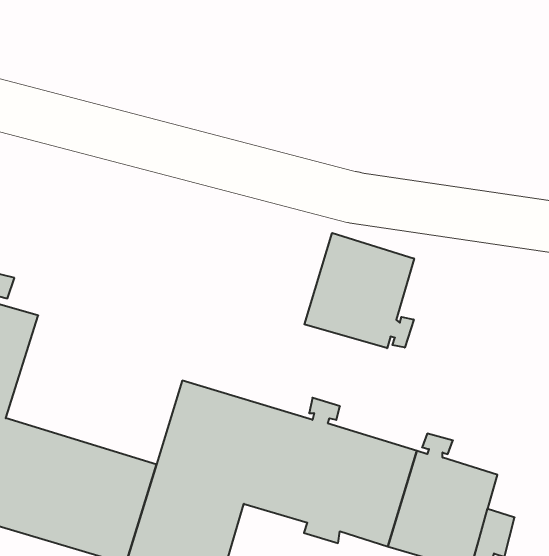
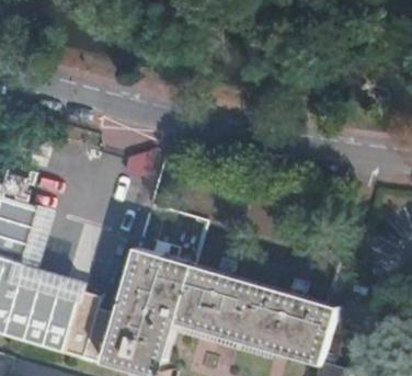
building: [304,233,414,348] -> none

